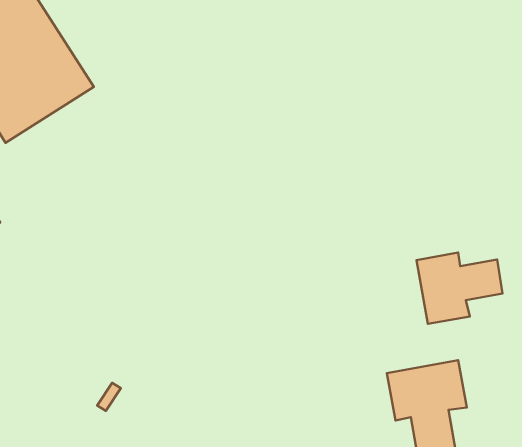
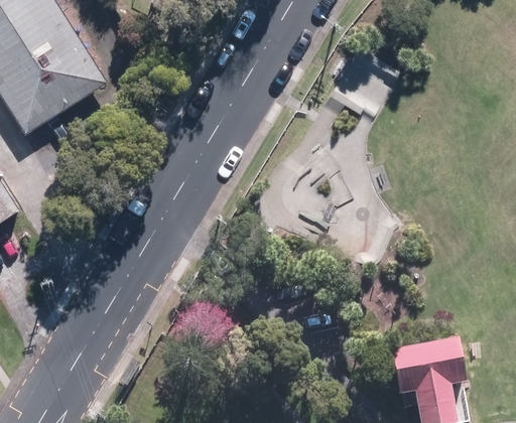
building: [416,253,503,324] -> none

